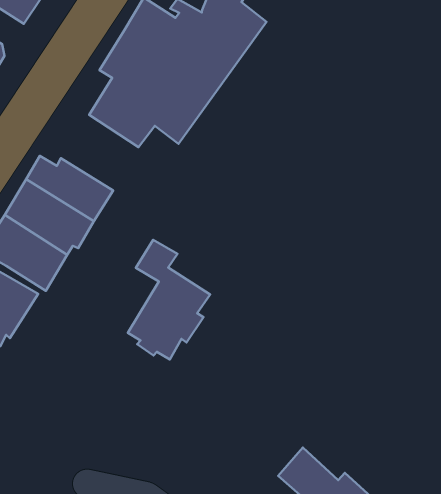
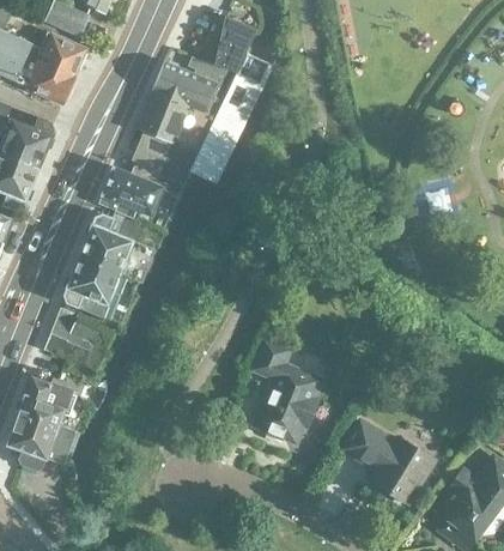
building: none -> [98,164,178,216]
building: [128,240,210,359] -> [253,341,320,441]

